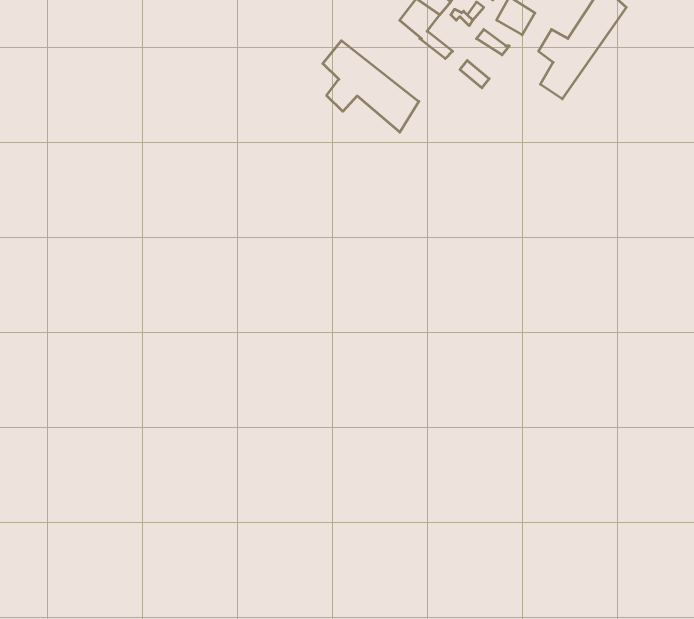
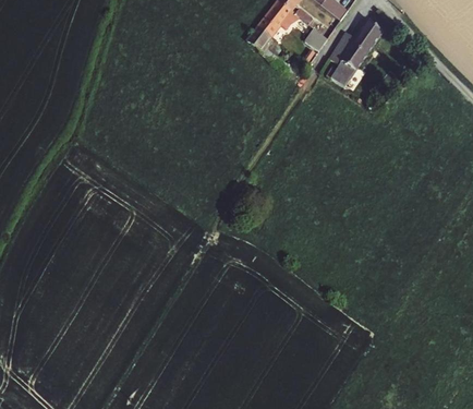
building: [323,41,419,132] -> none

